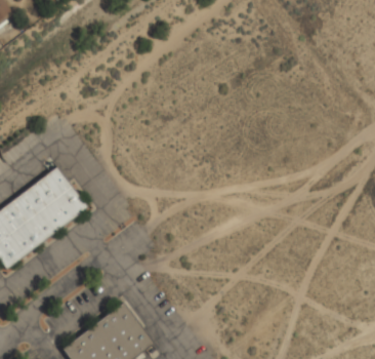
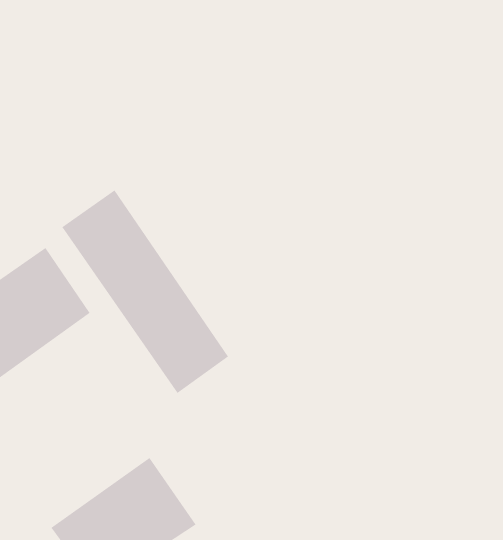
building: none -> [62,190,229,394]

